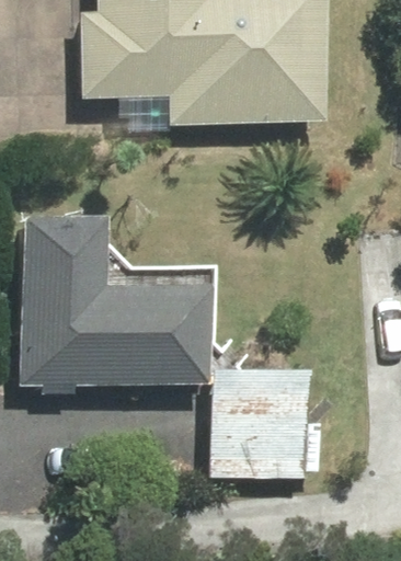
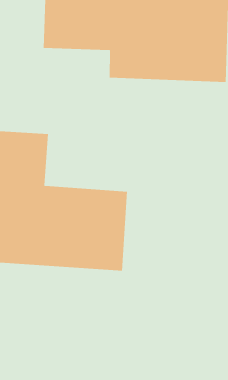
building: [215,364,314,476] -> none

